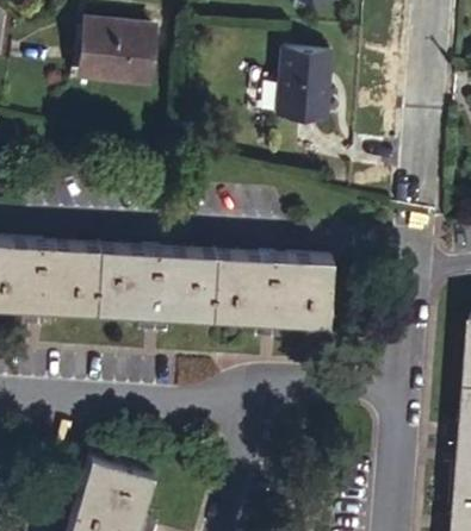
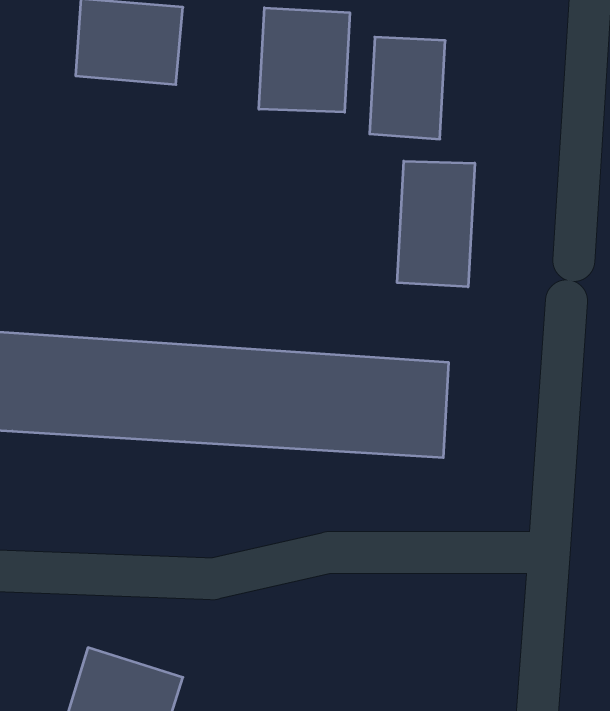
building: none -> [259,8,350,112]
building: none -> [397,161,475,287]

